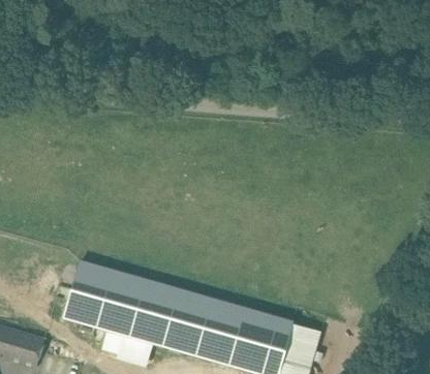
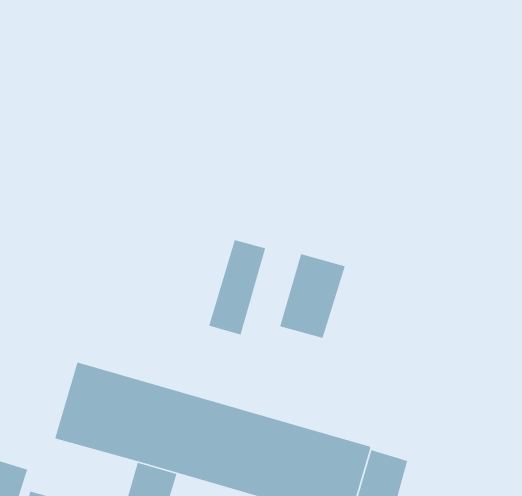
building: none -> [208,239,266,335]
building: none -> [279,253,346,339]

